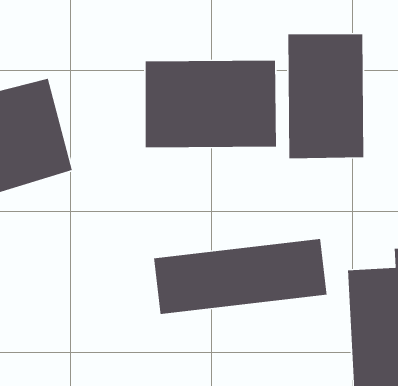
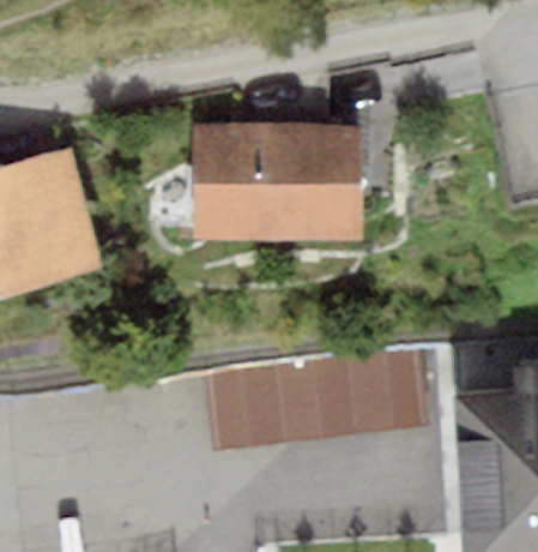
building: [288,33,364,159] -> none

